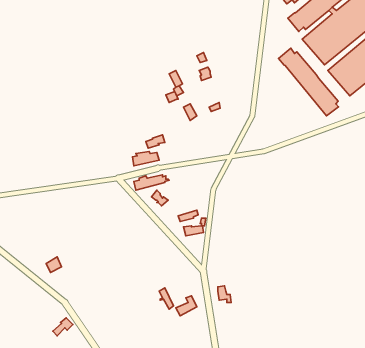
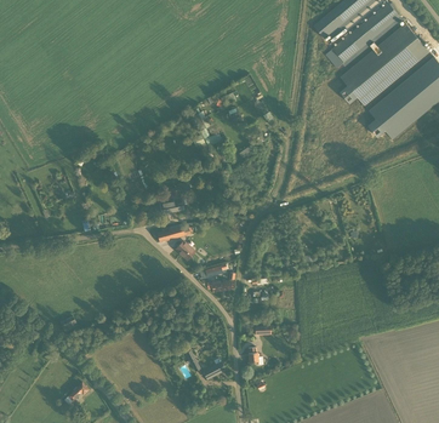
building: [279,48,339,116] -> none

